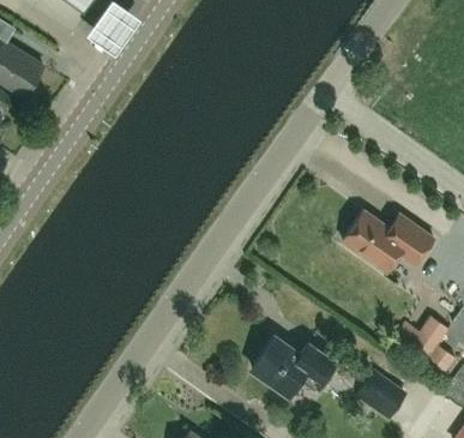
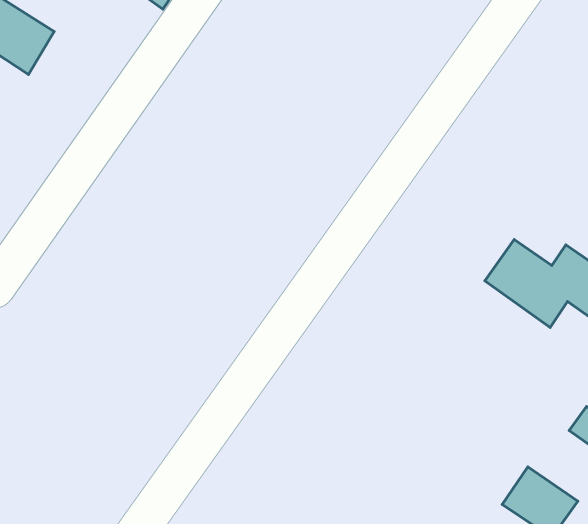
building: [253,337,337,395] -> none

